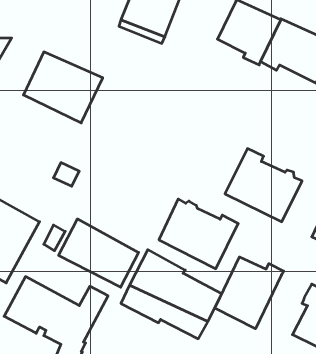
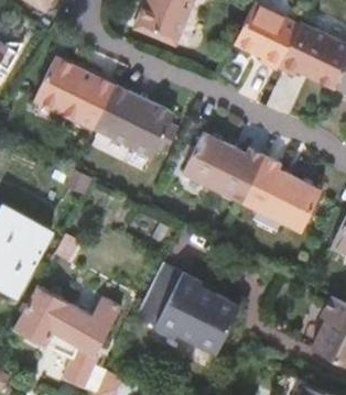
building: none -> [94,85,174,158]
building: [159,199,238,269] -> [183,132,264,204]
building: [59,219,139,287] -> none
building: [215,257,284,329] -> none

